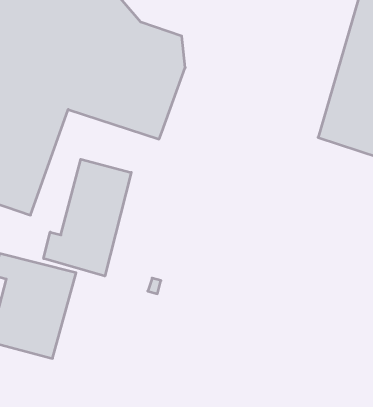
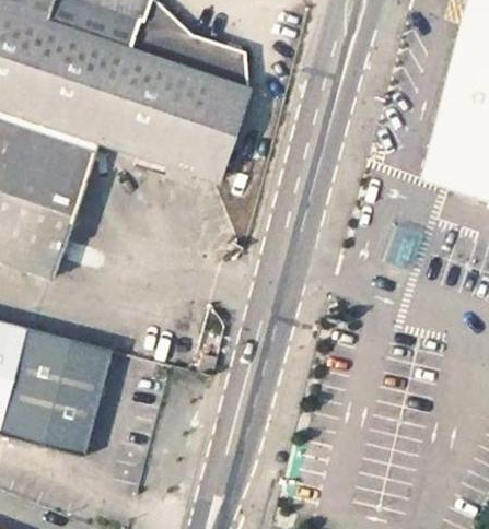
building: [44,159,131,276] -> none

